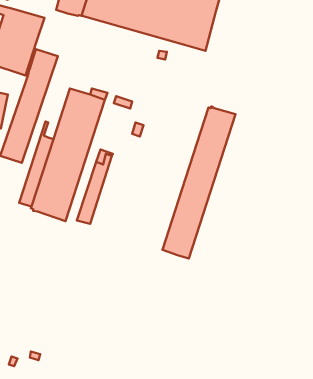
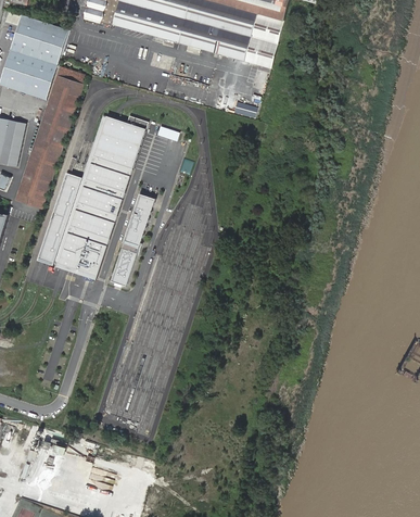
building: [163,106,236,258] -> none

